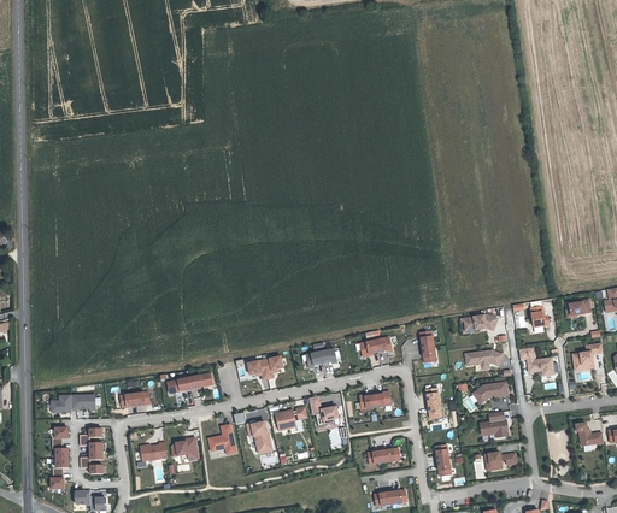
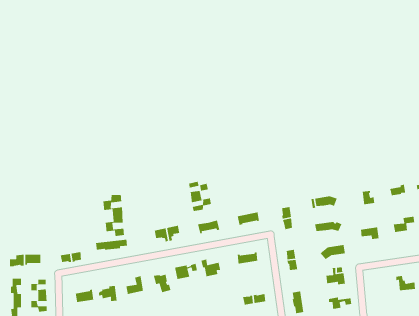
building: none -> [188,181,212,212]
building: none -> [102,194,125,237]

